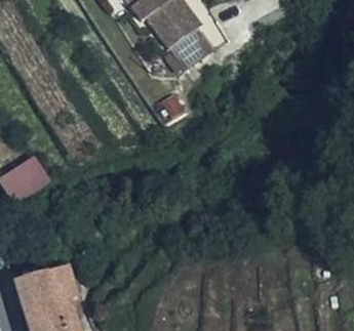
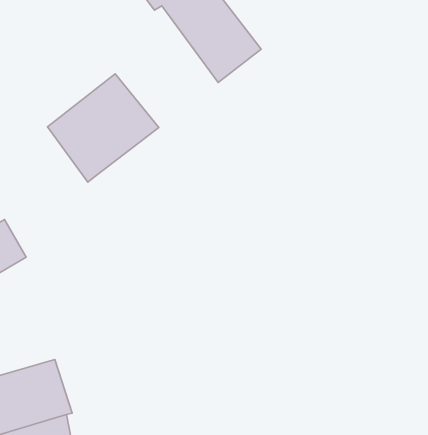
building: none -> [47,74,159,182]

